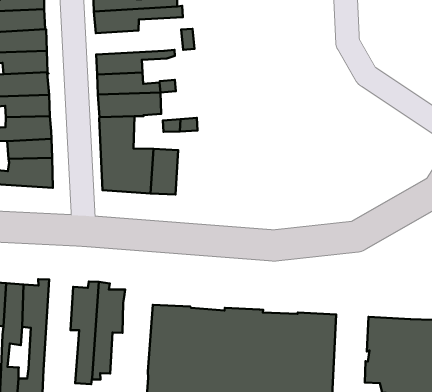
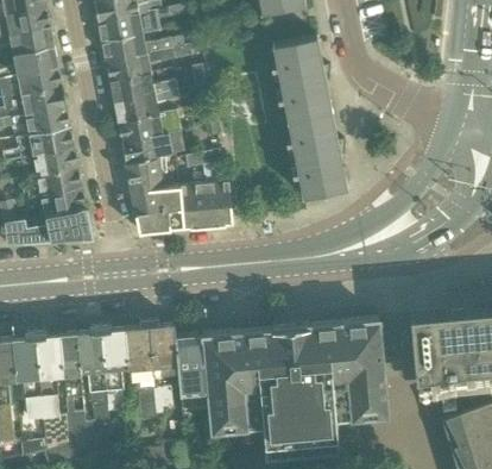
building: none -> [270,36,347,196]
building: none -> [109,75,177,104]
building: none -> [204,182,232,226]
building: none -> [100,324,127,412]
building: none -> [174,334,208,407]

